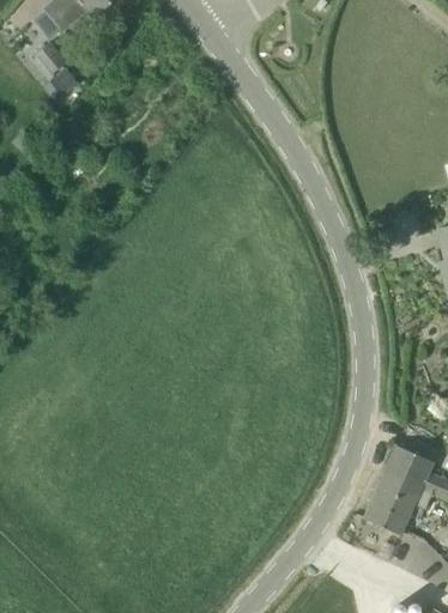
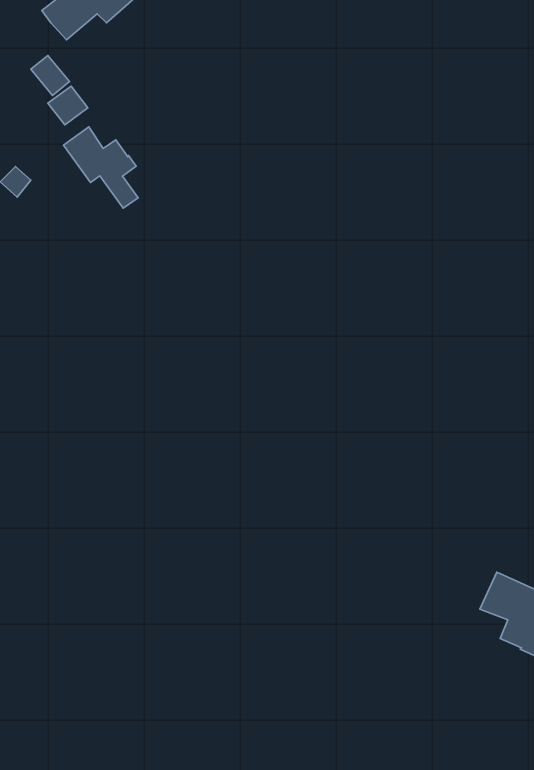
building: none -> [63,127,138,208]
building: [364,474,416,536] -> none

